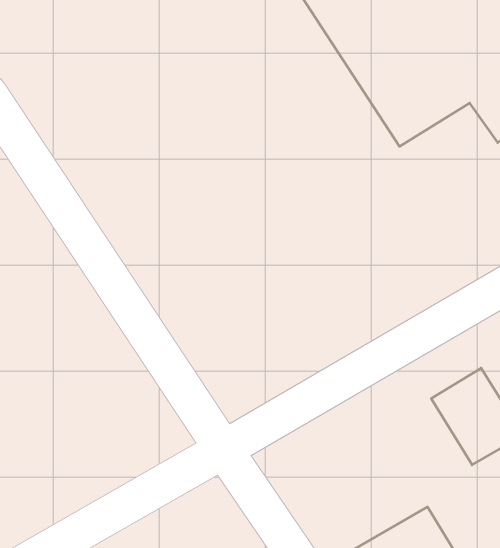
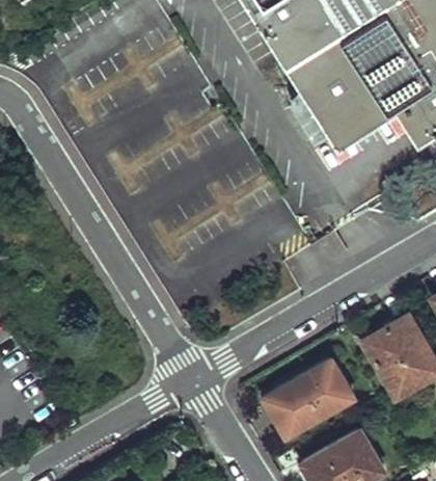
building: none -> [261,362,351,438]

